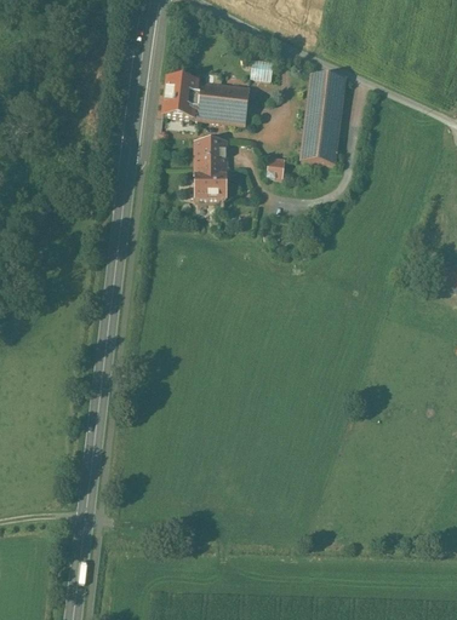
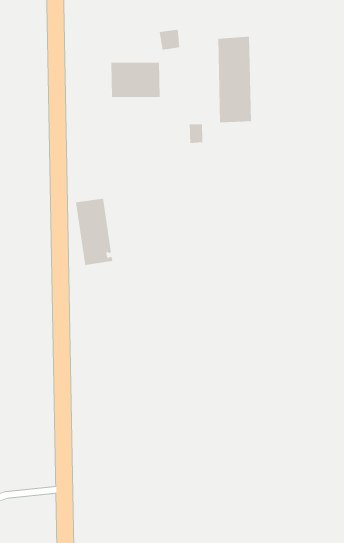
building: [164,79,198,117] -> none
building: [195,139,225,206] -> [75,198,113,265]

